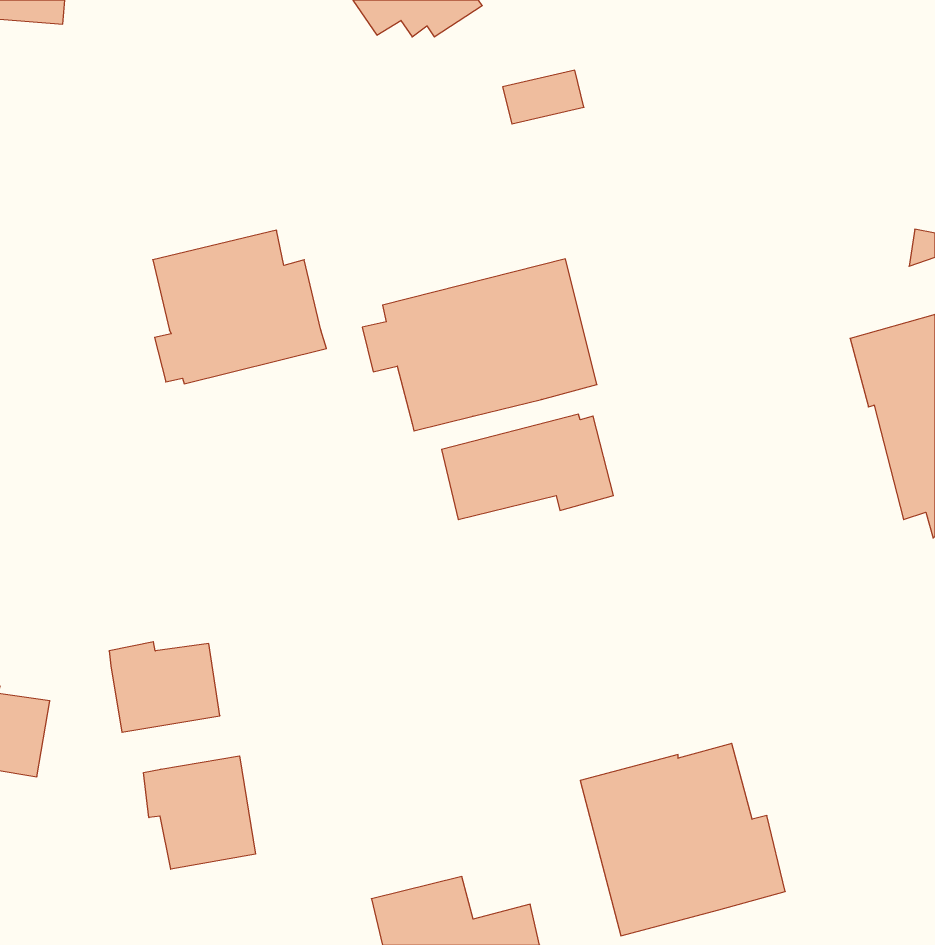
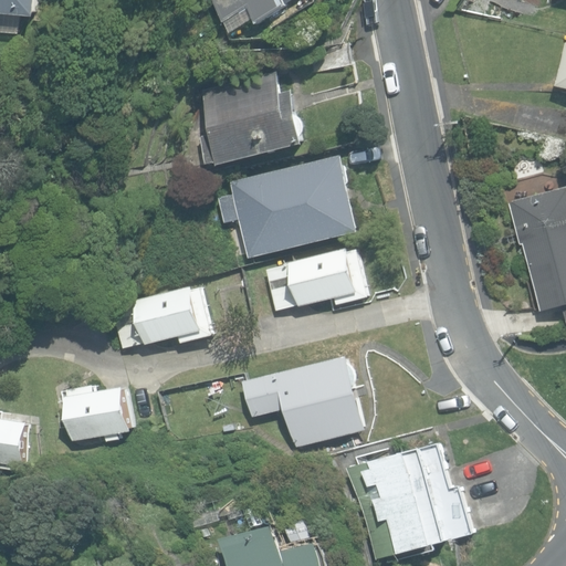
building: [153,230,326,384] -> [200,72,304,164]
building: none -> [109,285,212,348]
building: none -> [243,355,366,447]
building: [144,756,255,869] -> none

